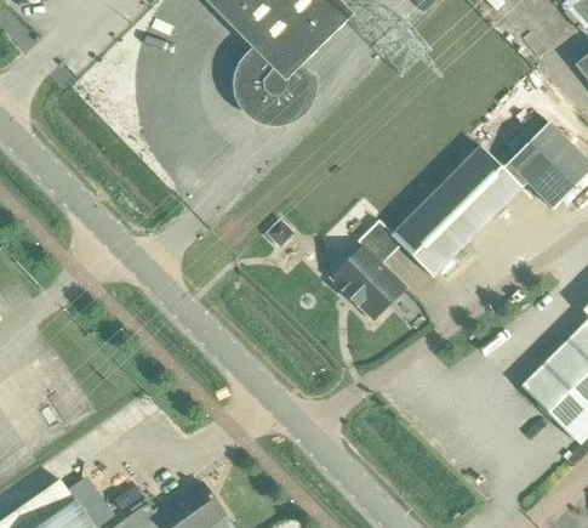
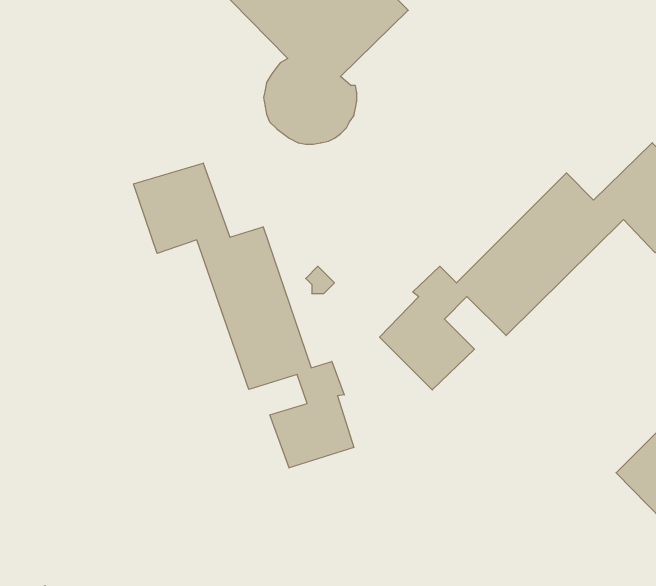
building: none -> [133,163,354,468]

